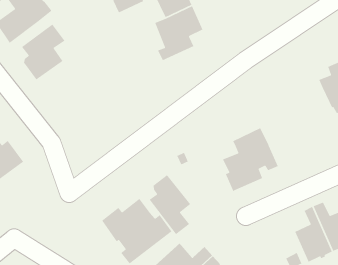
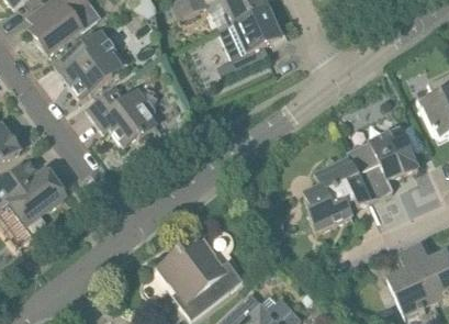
building: none -> [86,86,156,146]
building: none -> [347,126,418,201]
building: [143,174,191,235] -> none

